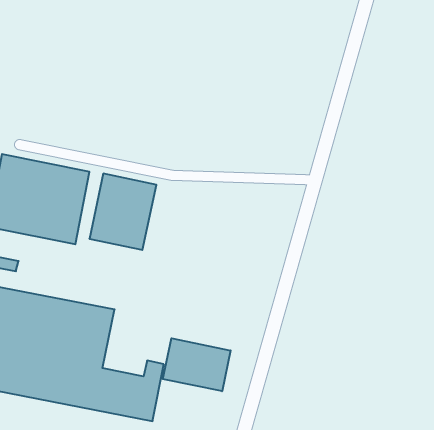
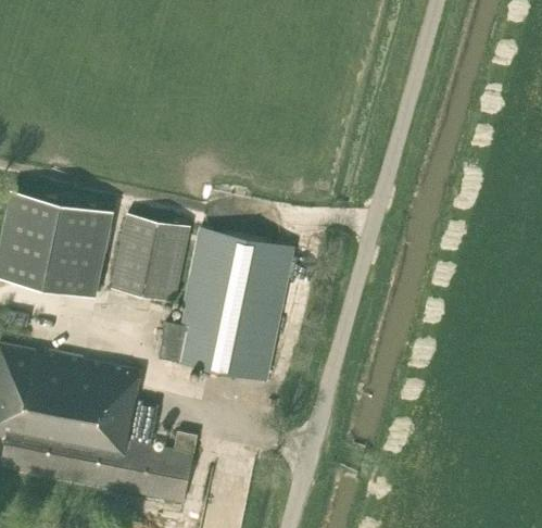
building: none -> [159,230,291,381]
building: [163,338,231,391] -> none

